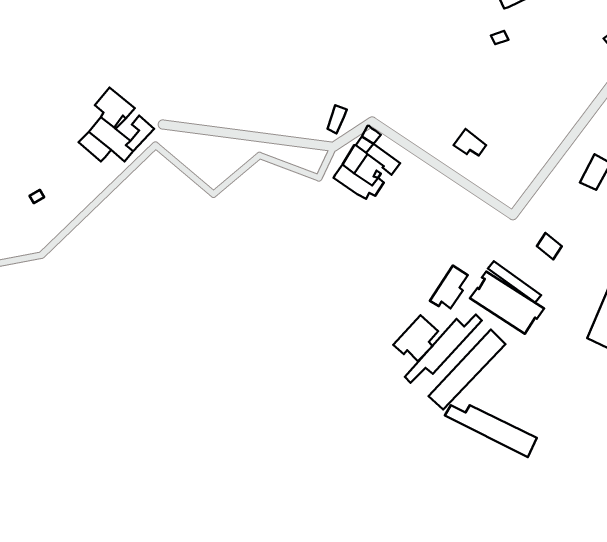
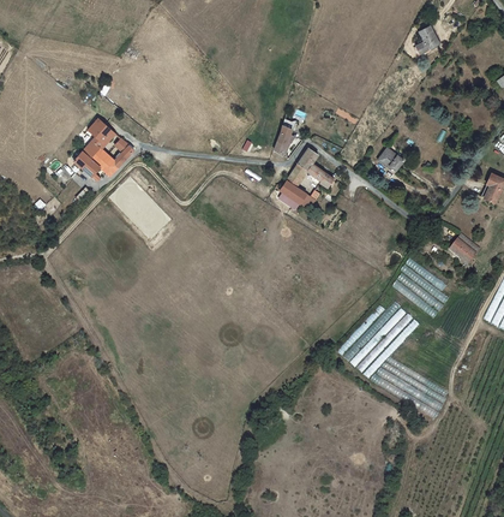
building: [430,266,468,308] -> none
building: [393,315,438,361] -> none

